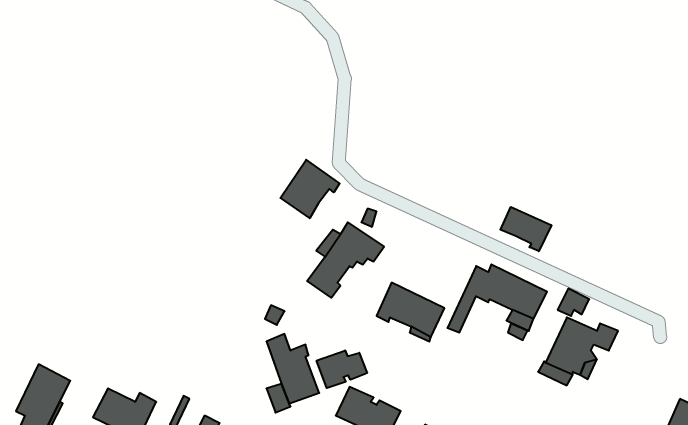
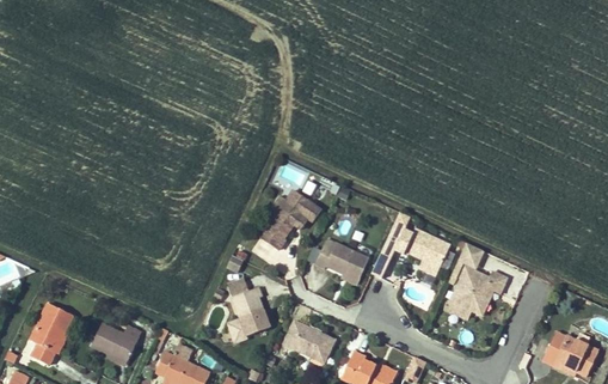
building: [280,160,340,218] -> none
building: [500,207,551,251] -> none
building: [317,350,367,388] -> none

